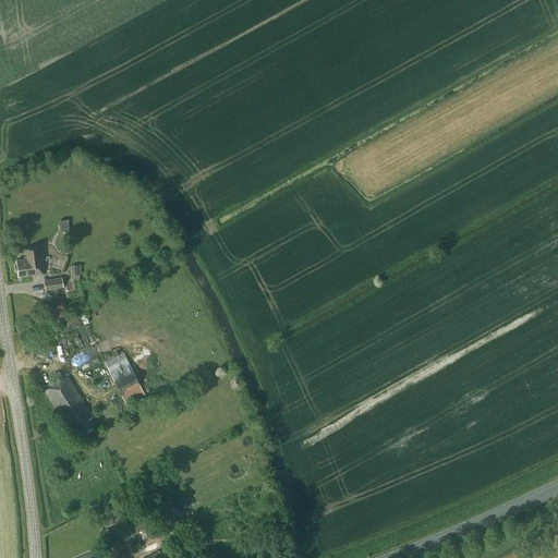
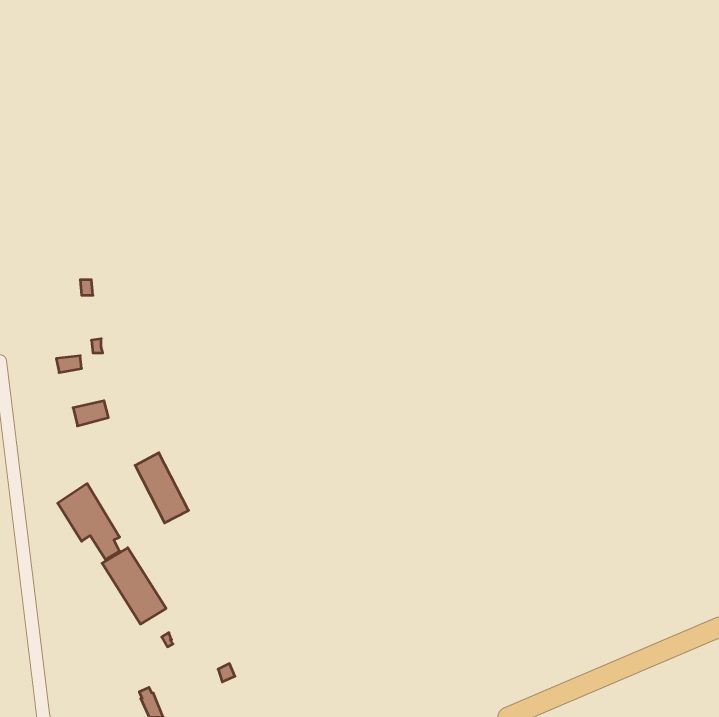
building: [16,245,44,275] -> none
building: none -> [102,548,166,624]

